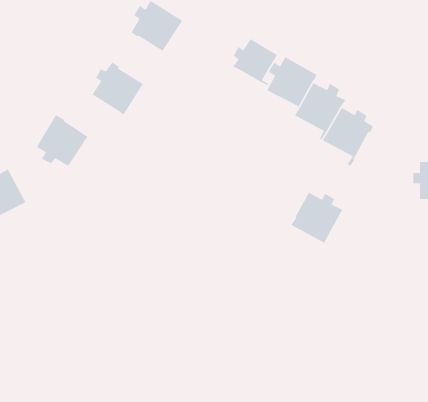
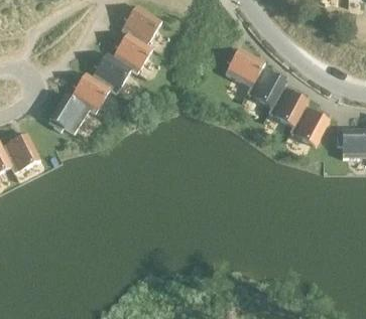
building: none -> [113,32,153,72]
building: [232,38,278,86] -> none
building: none -> [72,71,111,113]
building: [290,191,343,244] -> [290,106,331,146]

